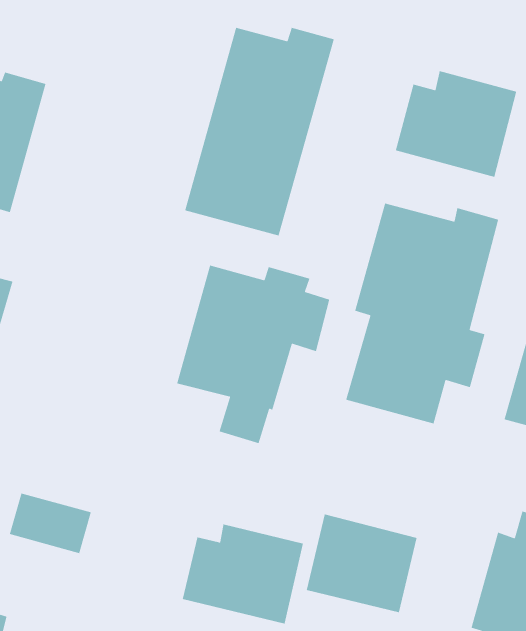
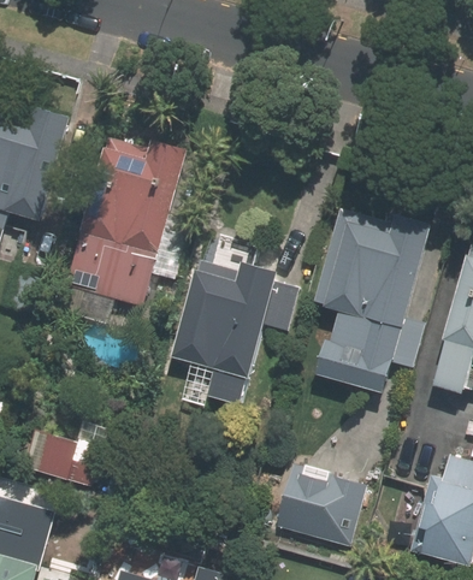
building: [184,27,335,237] -> [65,140,185,307]
building: [395,70,517,178] -> none
building: [182,524,304,625] -> none

